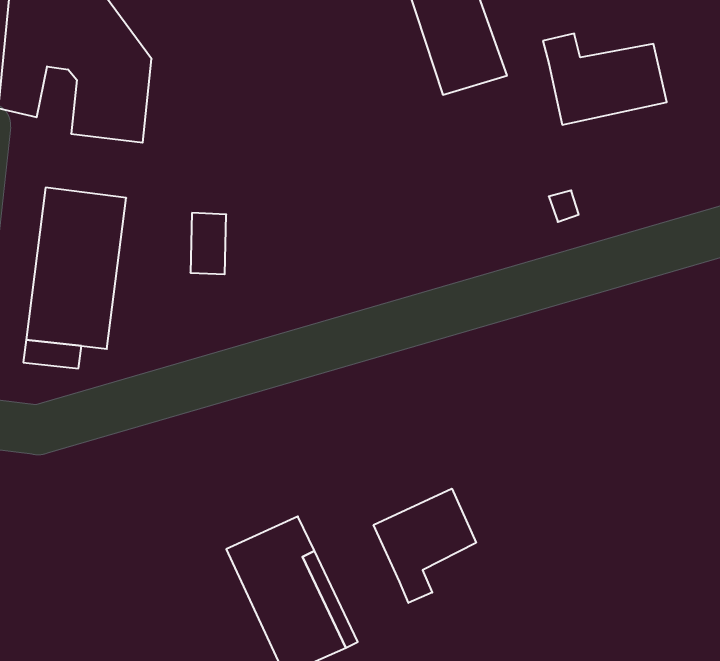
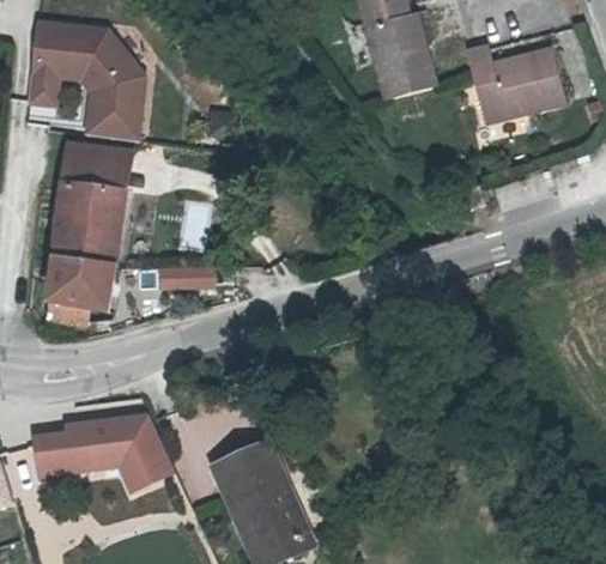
building: none -> [63,141,133,184]
building: none -> [154,260,213,286]
building: none -> [34,412,176,496]
building: [374,489,476,603] -> none

